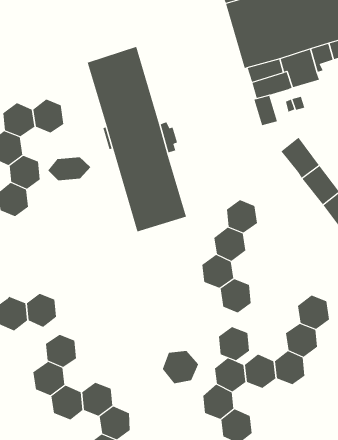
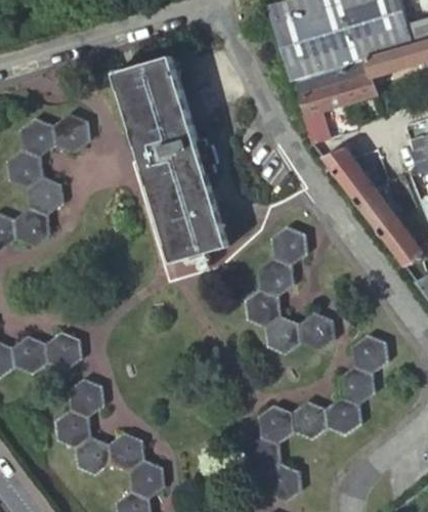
building: [47,157,91,181] -> none
building: [218,326,250,361] -> [298,312,334,351]
building: [162,350,199,384] -> none

